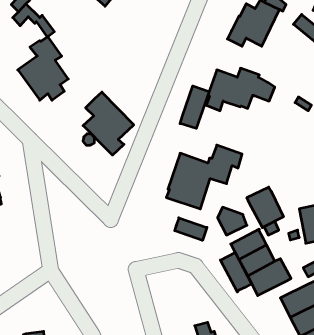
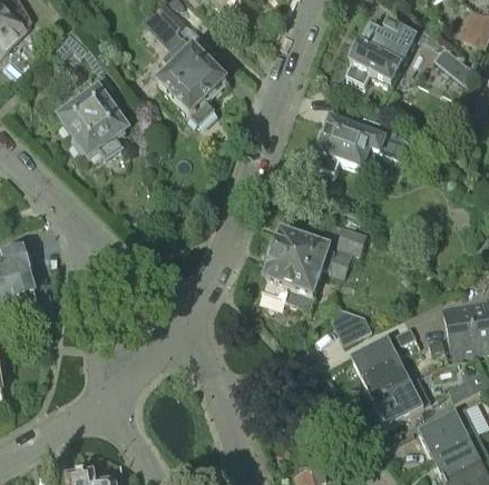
building: [180,86,209,128] -> none
building: [83,92,134,155] -> [157,36,226,121]
building: [247,187,283,228] -> none
building: [175,218,207,240] -> none
building: [220,252,251,292] -> none

